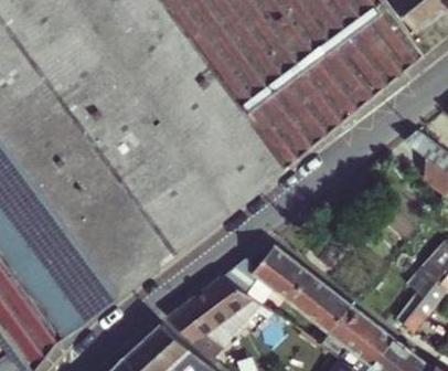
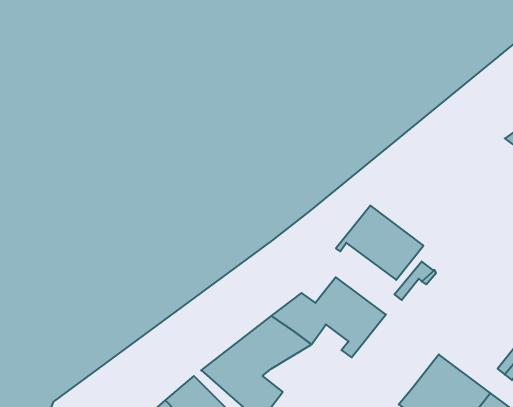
building: [280,277,348,335] -> [336,206,423,280]

